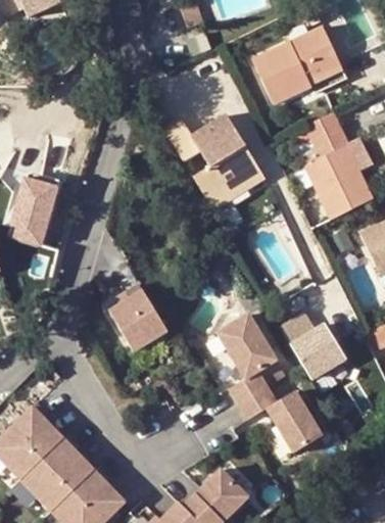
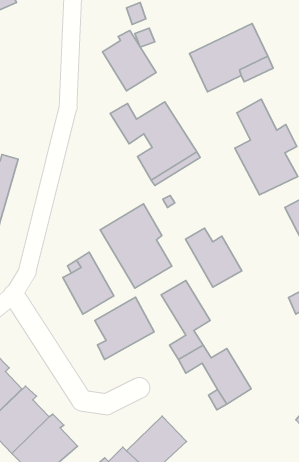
building: none -> [103,30,156,91]
building: none -> [100,204,172,288]
building: [282,316,345,382] -> [185,228,242,287]
building: none -> [95,297,154,360]

